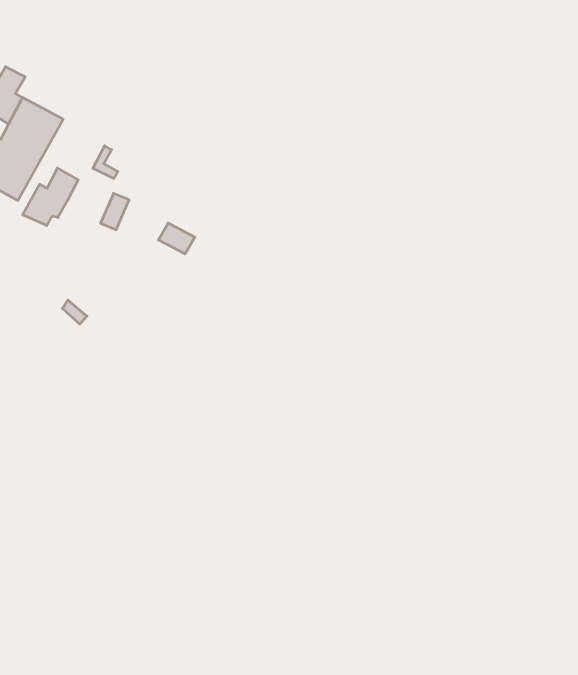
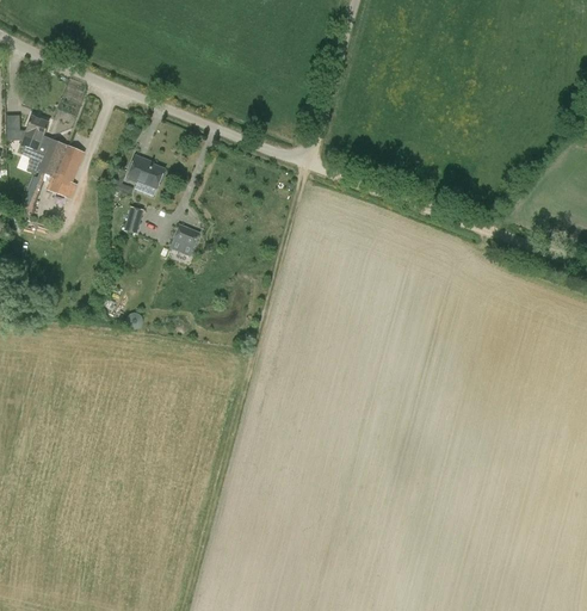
building: none -> [128,155,166,187]
building: [23,168,78,226] -> none

